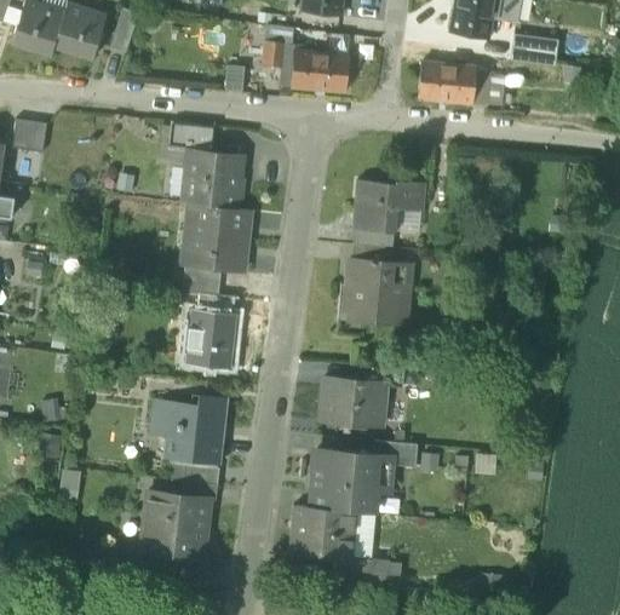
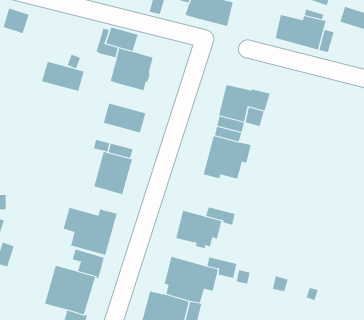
building: [186,203,248,241] -> [41,61,84,92]
building: [182,266,220,294] -> none

